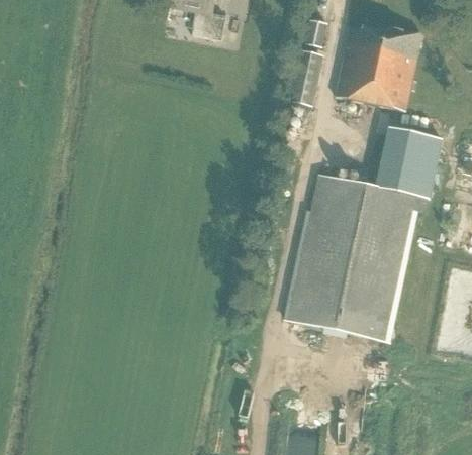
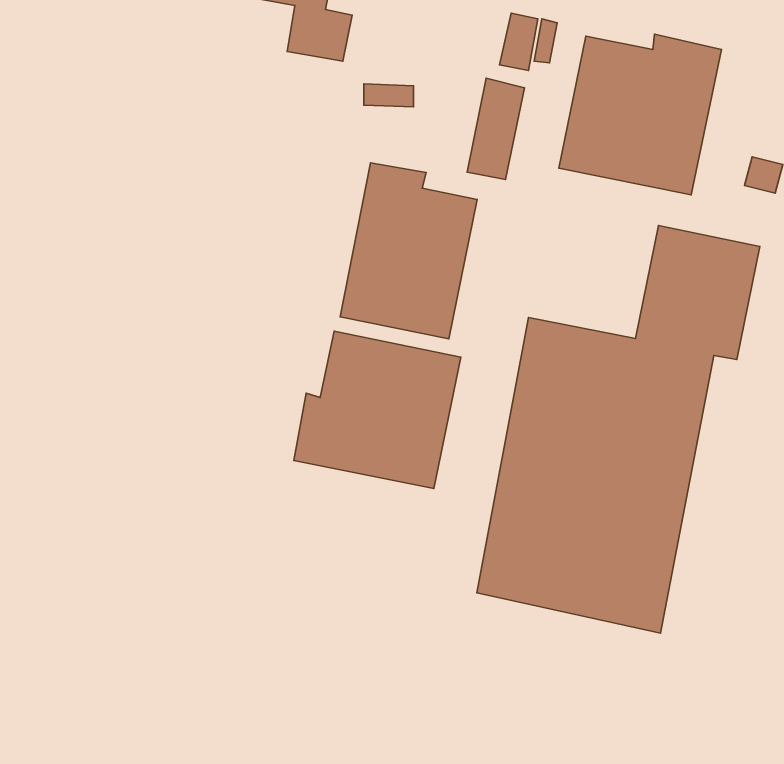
building: none -> [340,163,477,339]
building: none -> [294,331,461,488]

